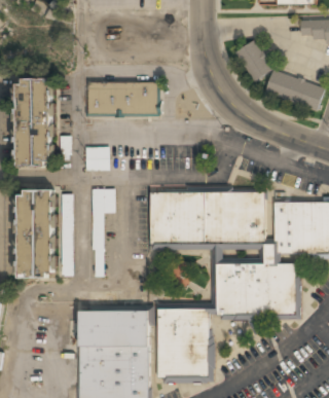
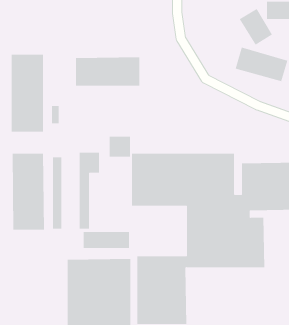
building: [234,40,272,82] -> [239,8,273,46]
building: [83,147,108,171] -> [109,136,131,157]
building: none -> [83,231,129,249]

